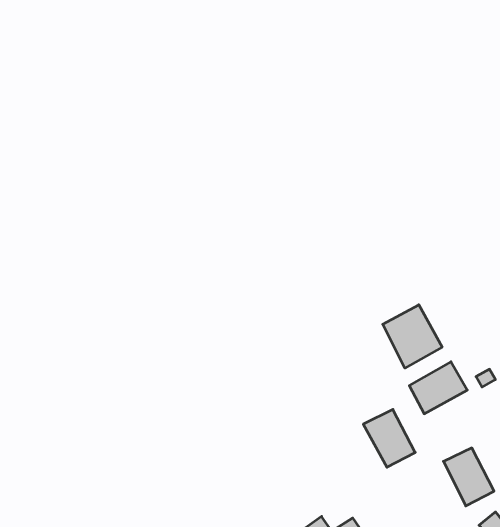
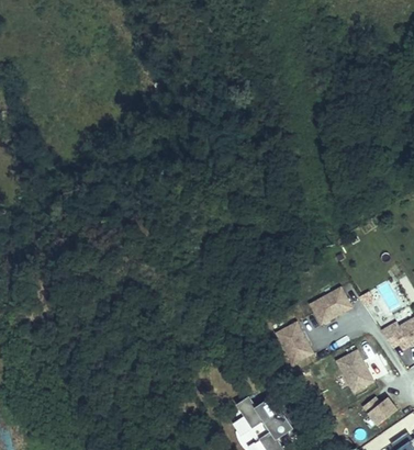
building: [383,305,442,368] -> none

